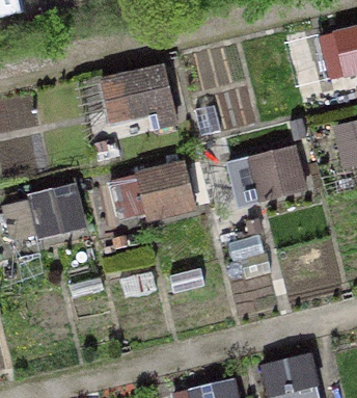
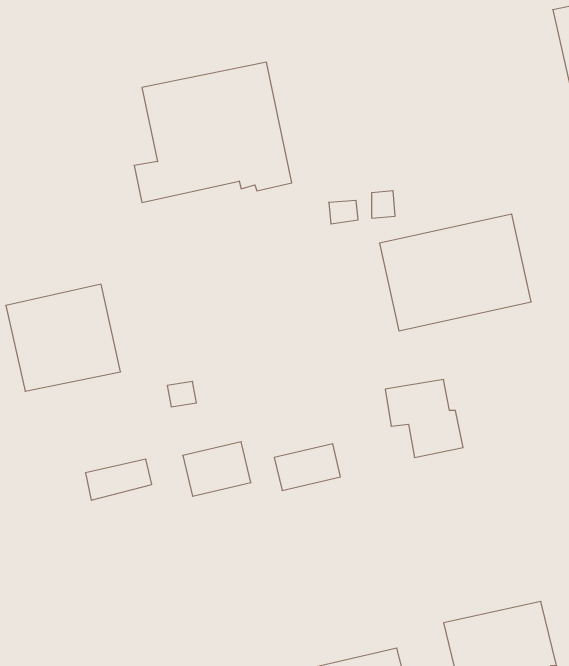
building: [107,159,197,224] -> none

